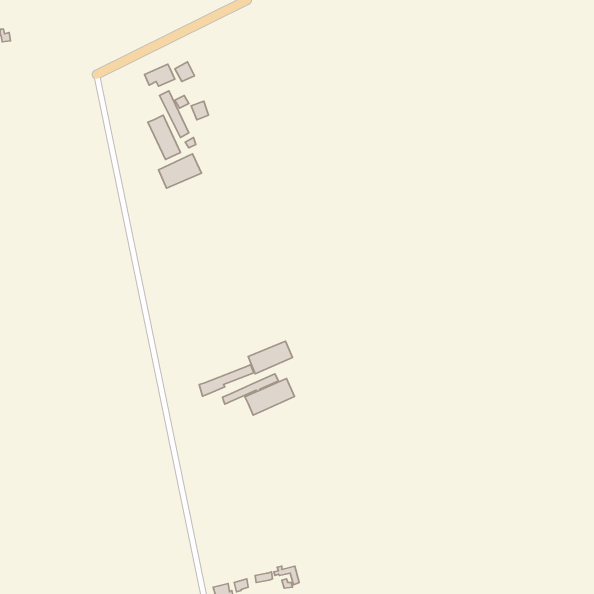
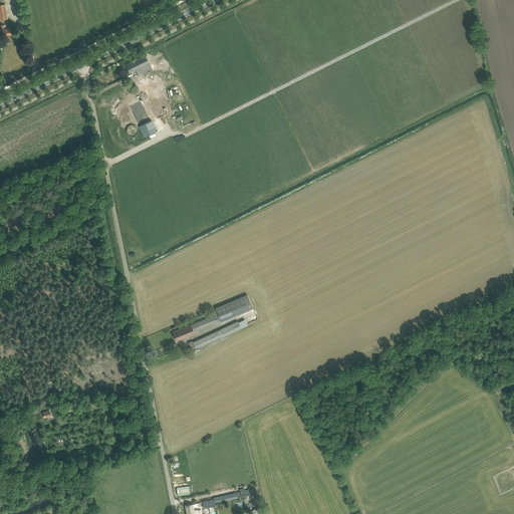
building: [158,154,202,188] -> none
building: [245,378,295,415] -> none

